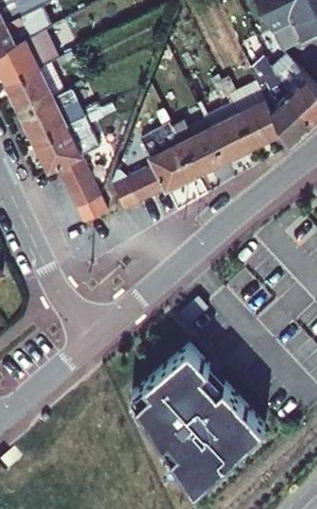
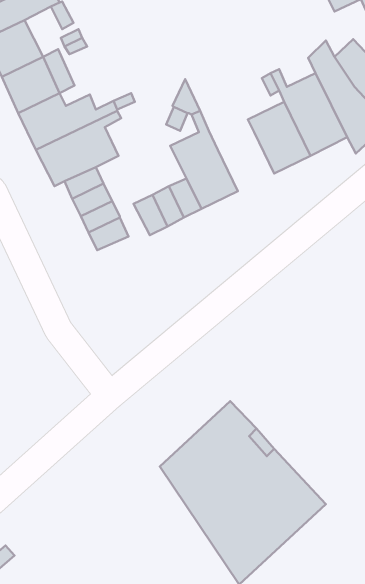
building: [172,124,224,179] -> none

